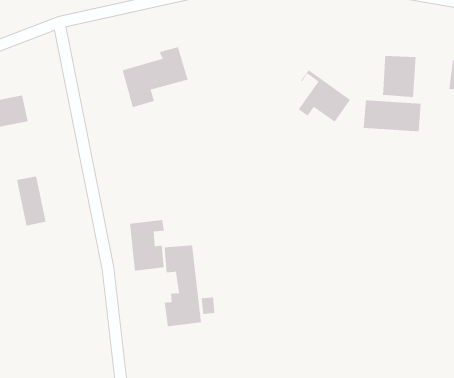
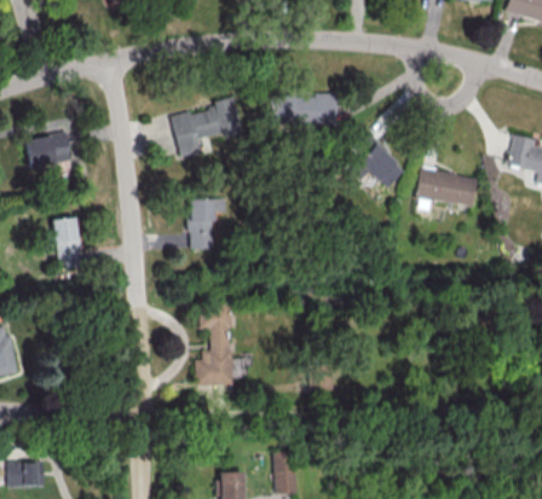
building: none -> [269,94,336,127]
building: [382,55,416,98] -> none
building: [129,219,165,271] -> [188,198,224,249]

